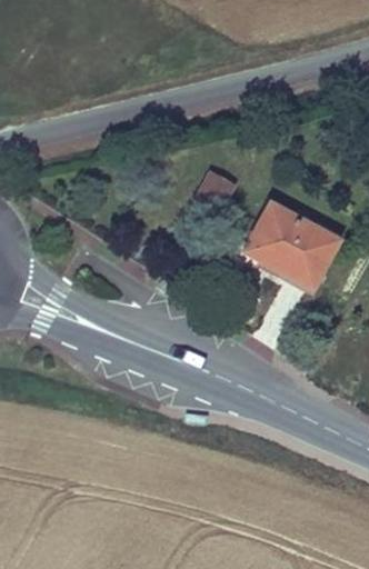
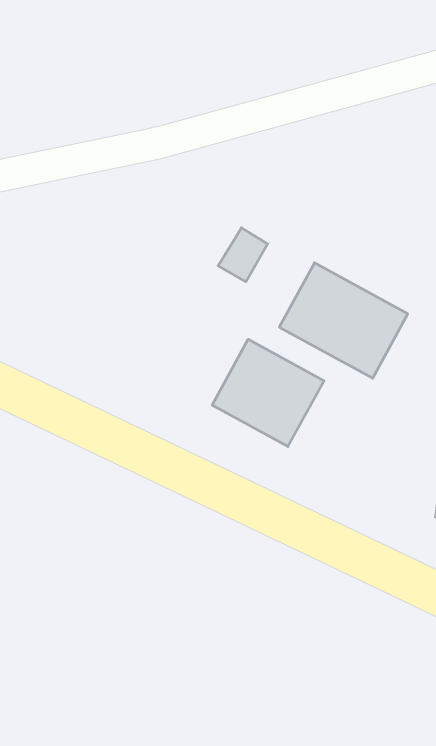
building: none -> [212,339,324,447]

